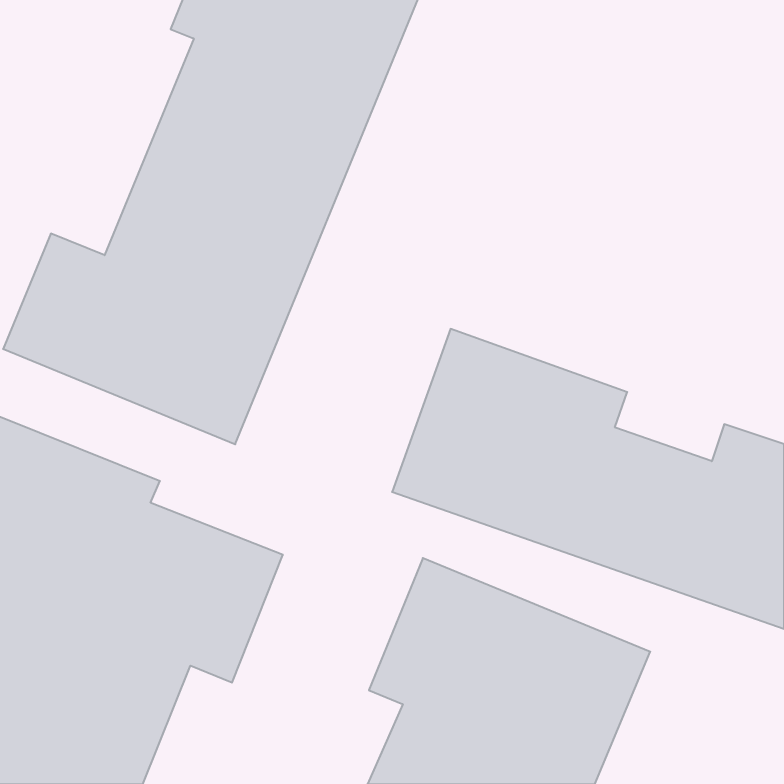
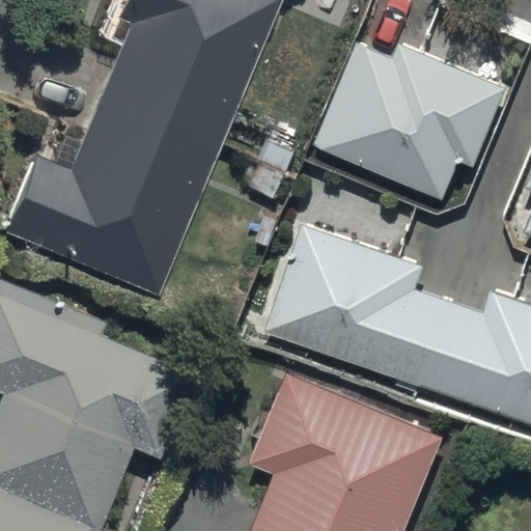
building: none -> [312,43,506,199]

